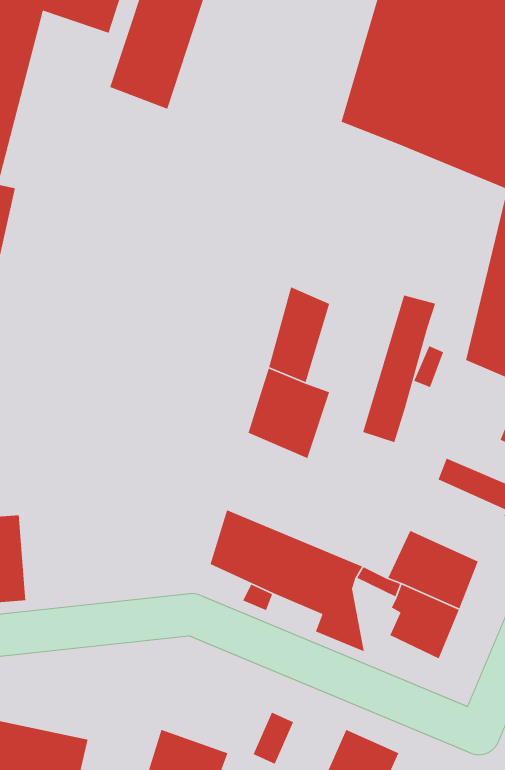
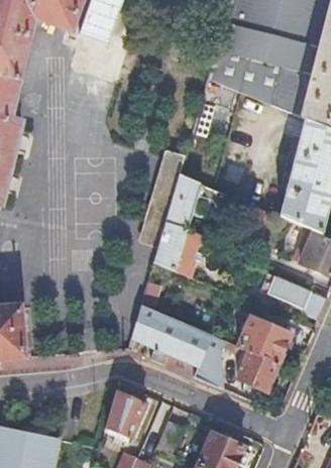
building: [362,294,436,443] -> [140,154,184,241]
building: none -> [105,386,144,438]

